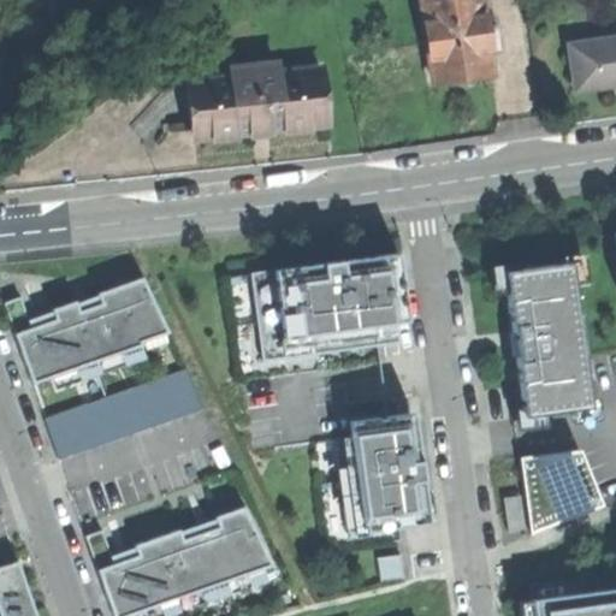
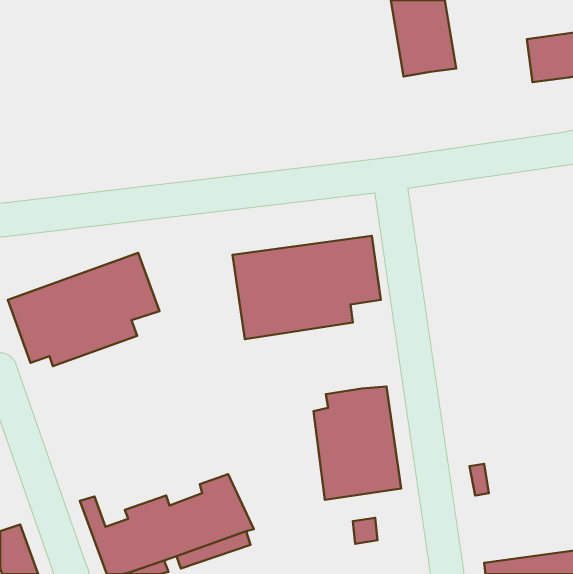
building: [190,60,327,137] -> none
building: [490,257,591,411] -> none
building: [46,369,207,462] -> none
building: [521,450,604,535] -> none

